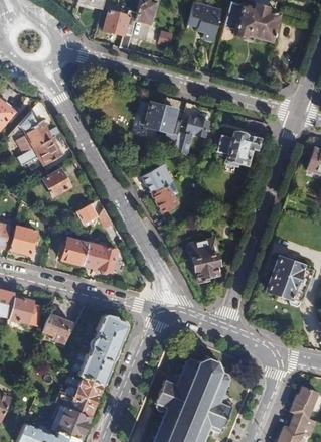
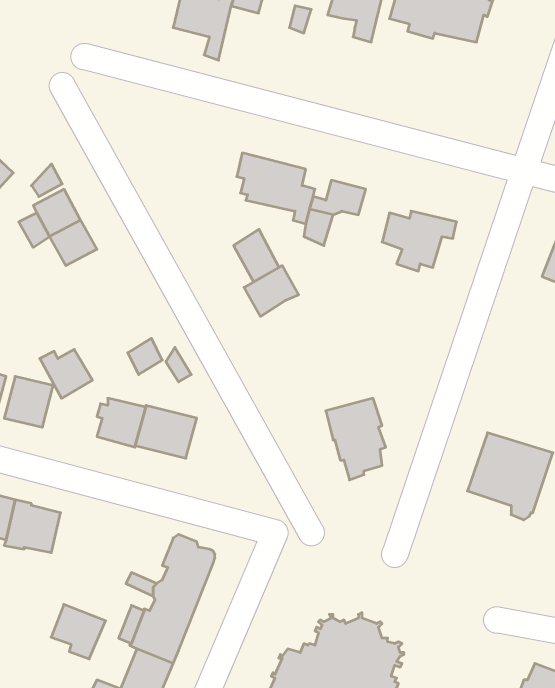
building: [42,169,71,196] -> [40,349,92,398]
building: [152,183,177,212] -> [234,229,279,282]
building: [43,314,73,344] -> [51,604,106,659]

